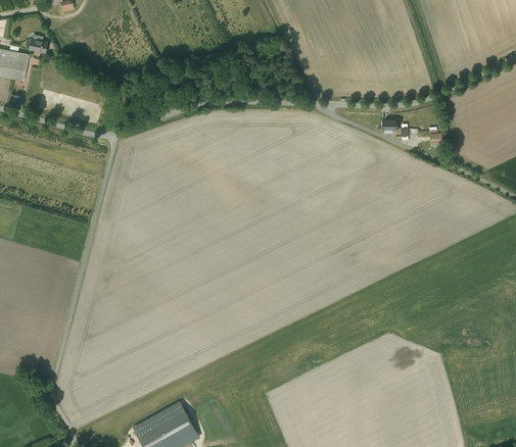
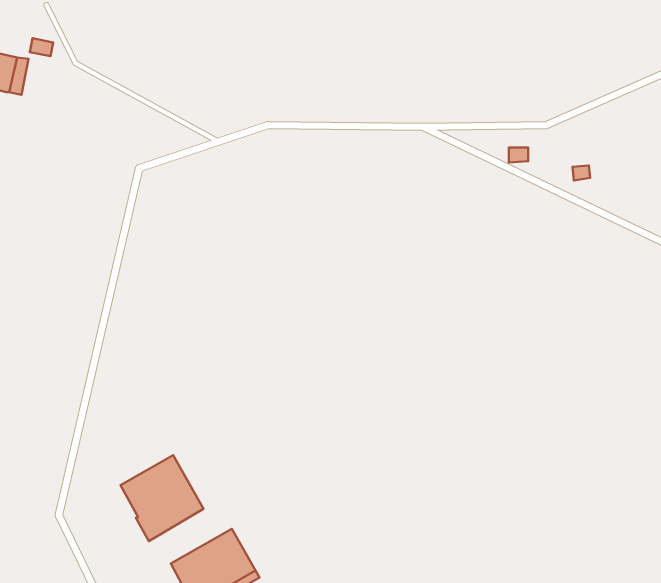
building: none -> [120,455,204,541]

